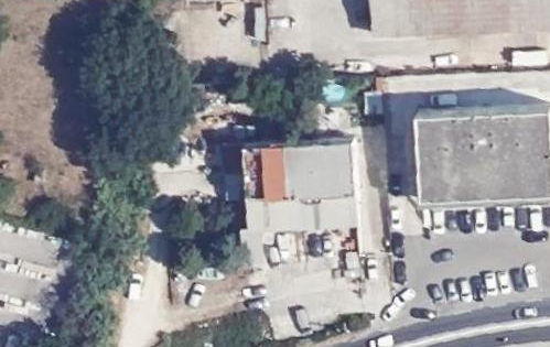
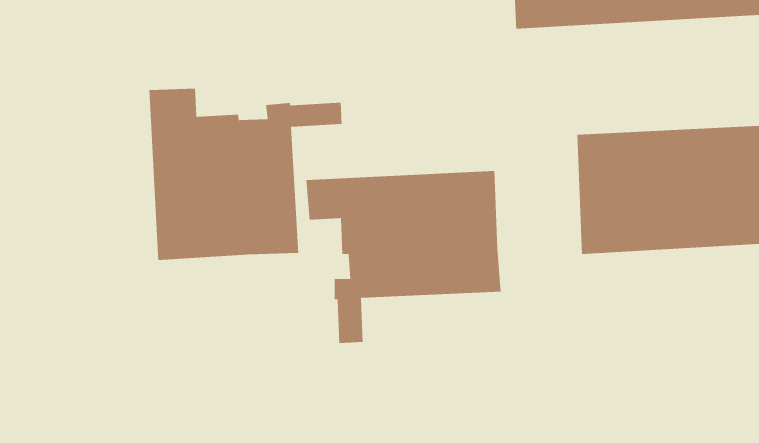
building: none -> [148,88,342,261]

